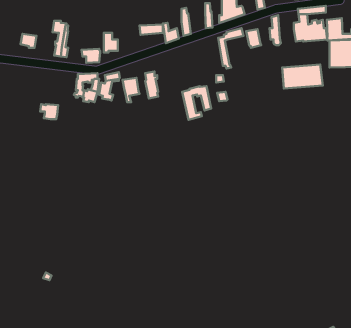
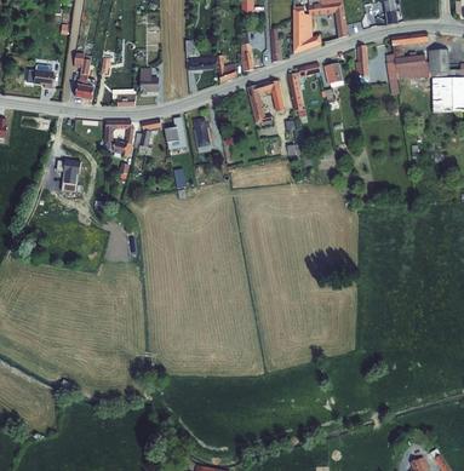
building: [282,65,323,88] -> none
building: [182,86,211,120] -> [247,80,285,124]

